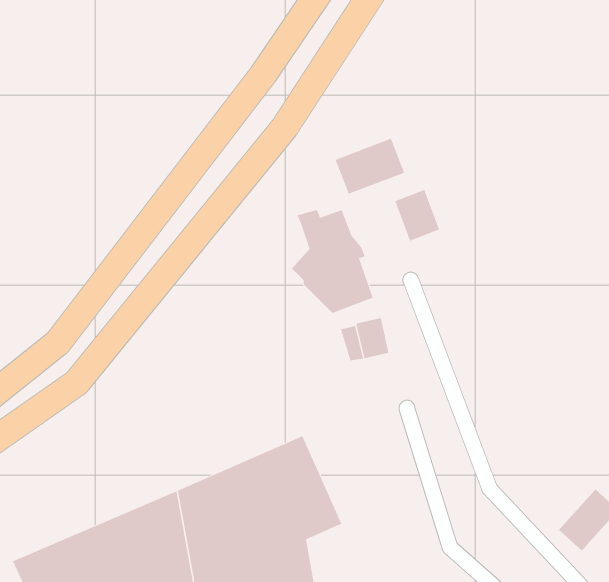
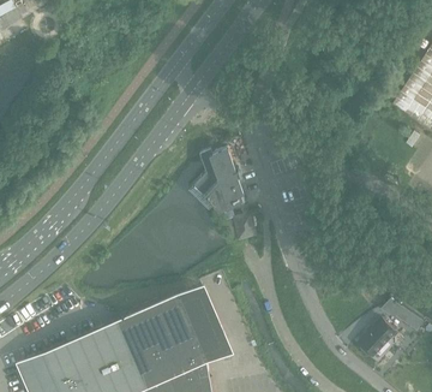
building: [335,138,405,195] -> none
building: [394,189,440,241] -> none

